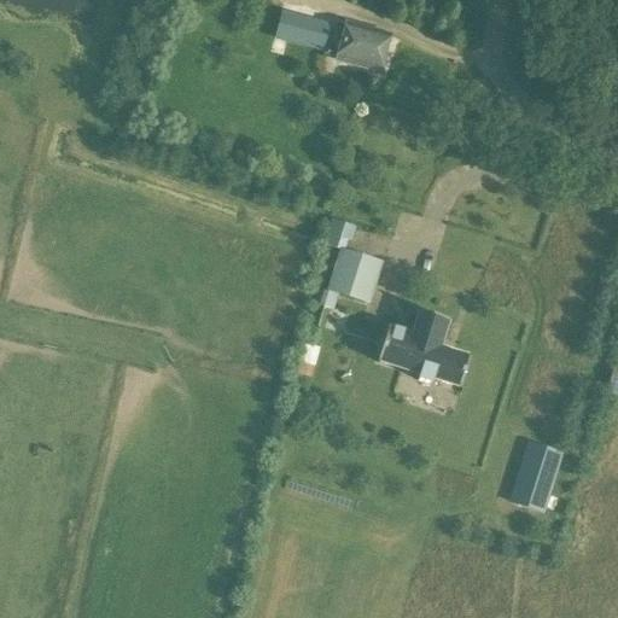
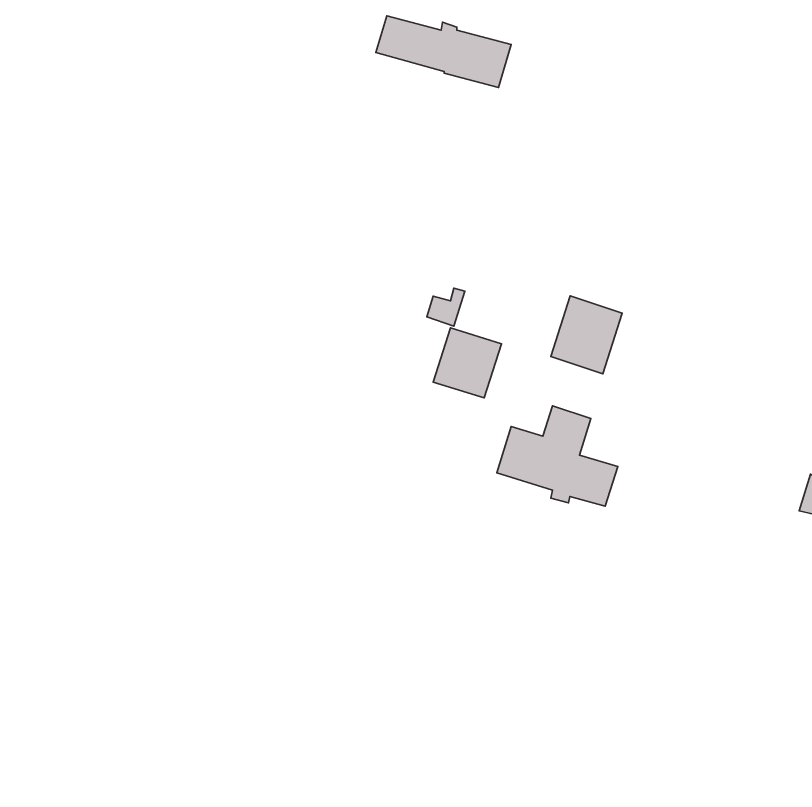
building: none -> [551,296,622,374]
building: [519,441,561,511] -> none

